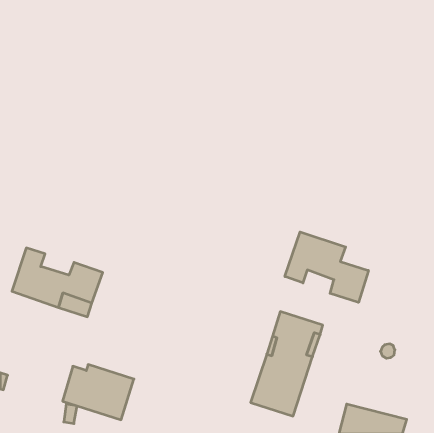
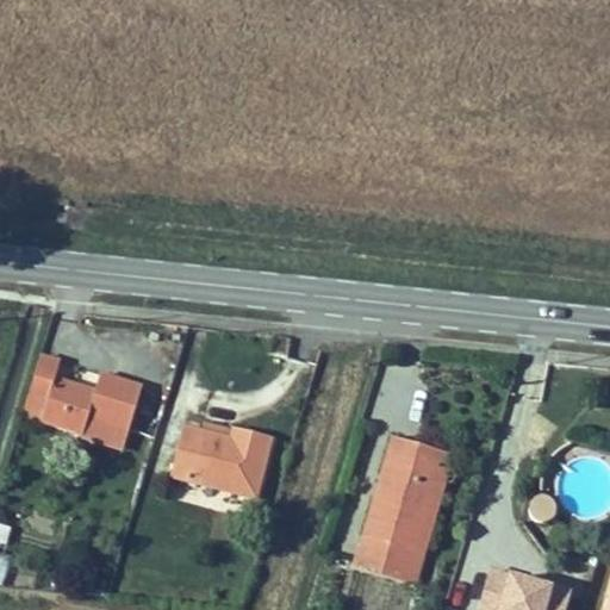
building: [285,232,368,302] -> none
building: [63,365,134,420] -> [174,421,274,498]

